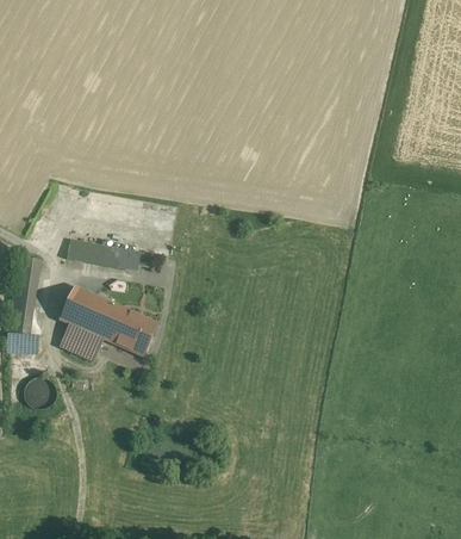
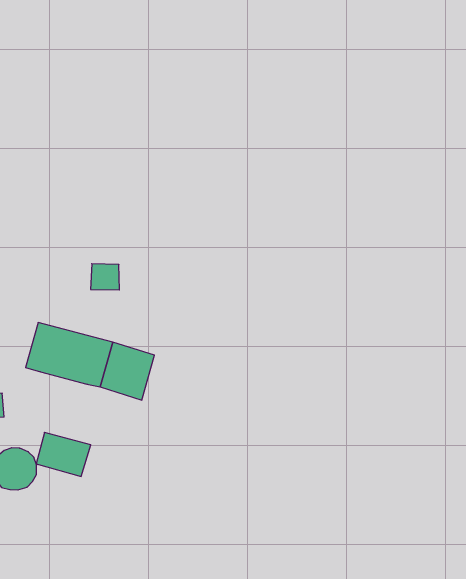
building: [66,238,119,267] -> none
building: [60,323,102,360] -> [36,432,91,476]

